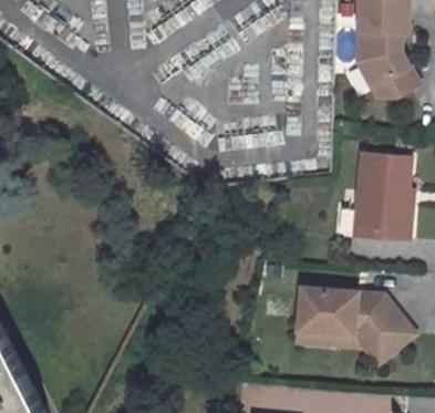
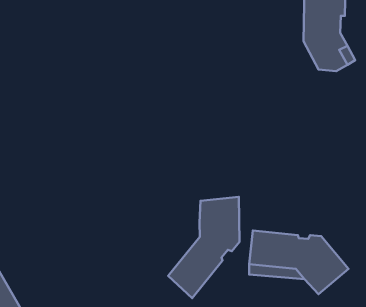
building: [352,153,408,239] -> none
building: none -> [168,197,239,298]

